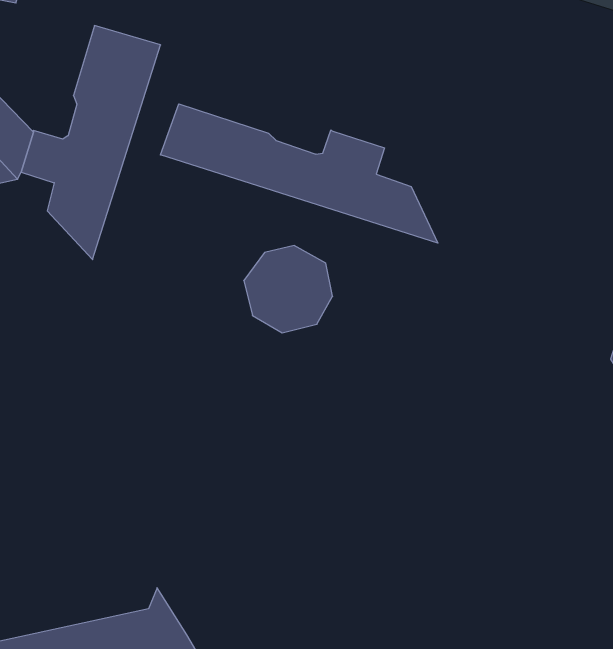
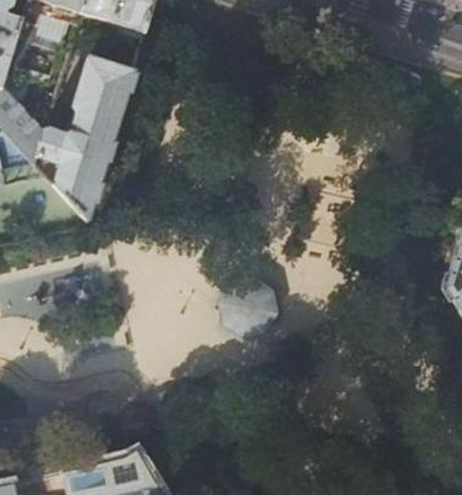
building: [160,104,438,243] -> none
building: [244,246,333,333] -> [217,278,279,338]

